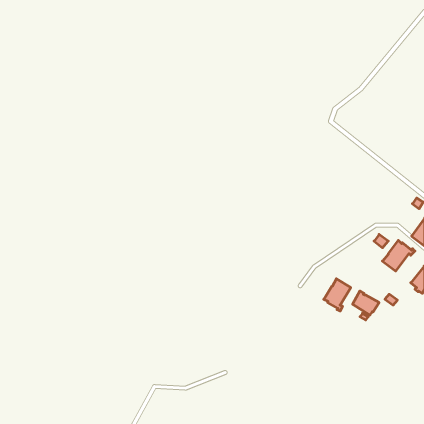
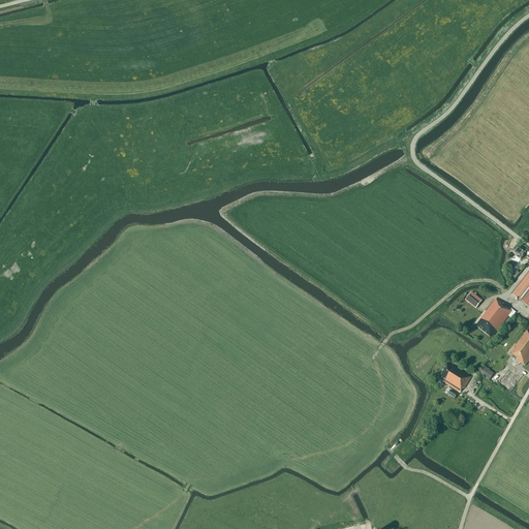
building: [324,279,351,311] -> none

